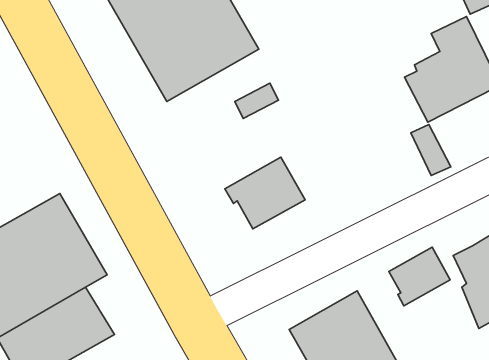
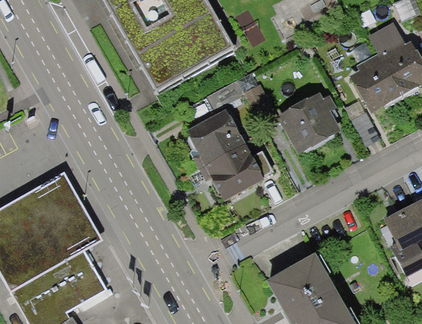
building: none -> [246,82,339,154]
building: none -> [187,106,246,166]
building: [389,247,450,306] -> none

